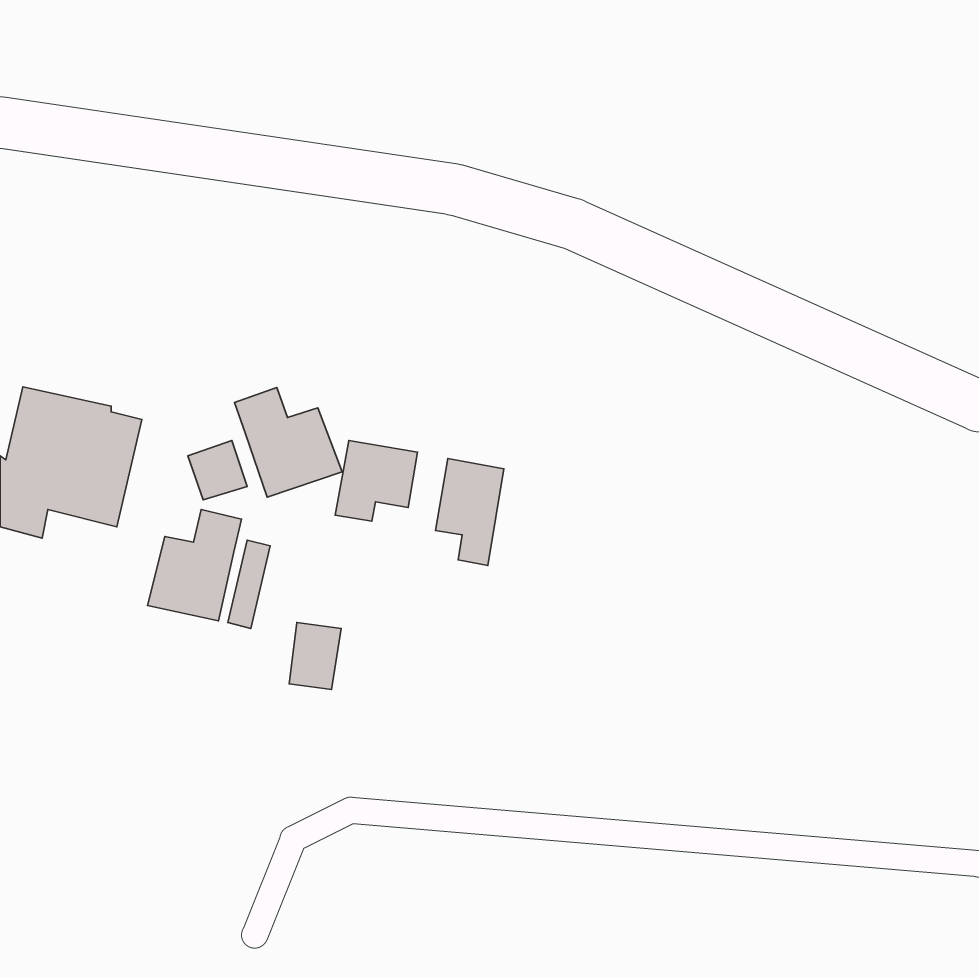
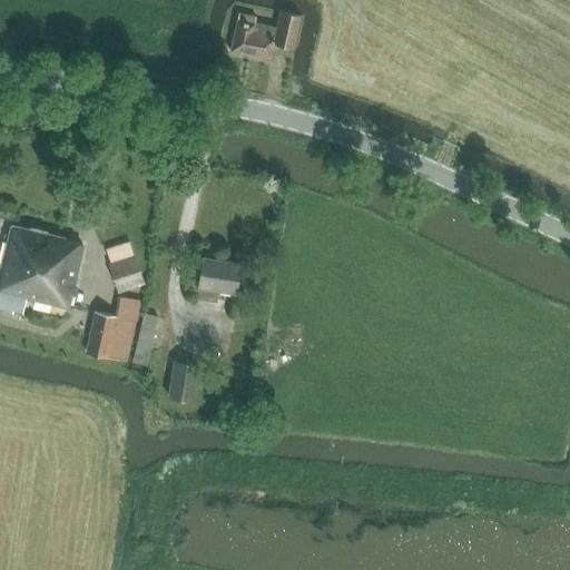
building: none -> [229,12,301,61]
building: [234,387,342,497] -> none
building: [436,459,504,566] -> none

